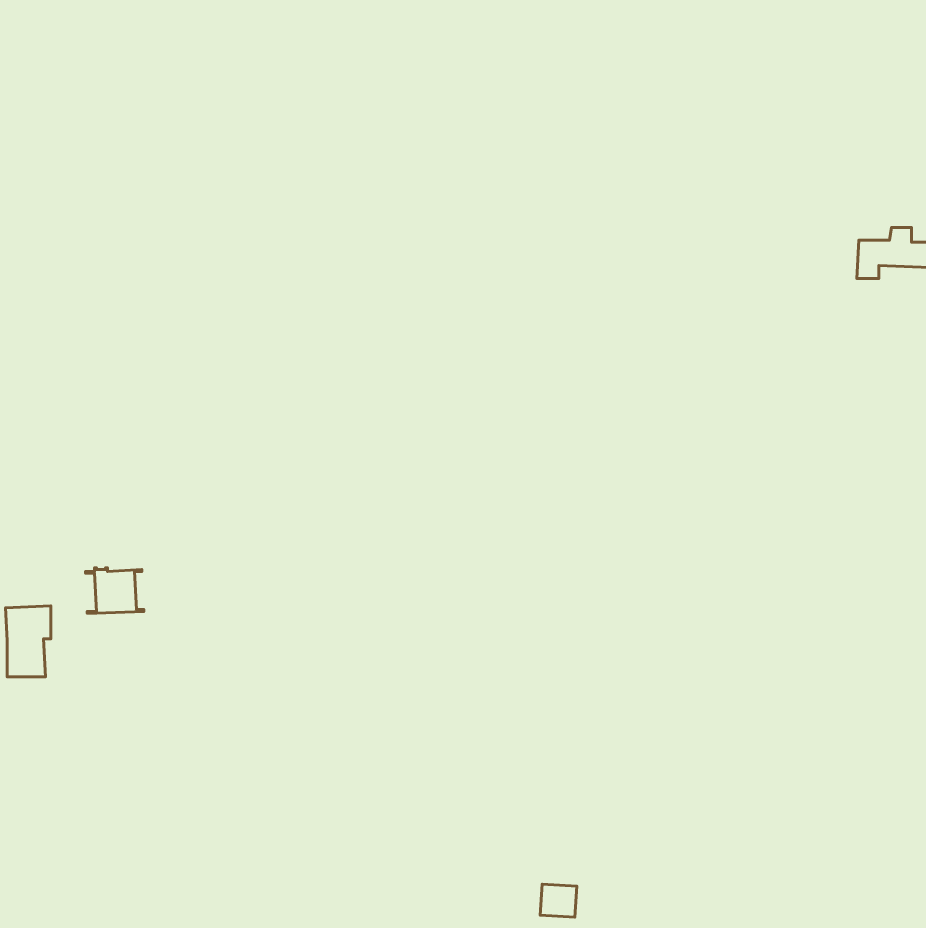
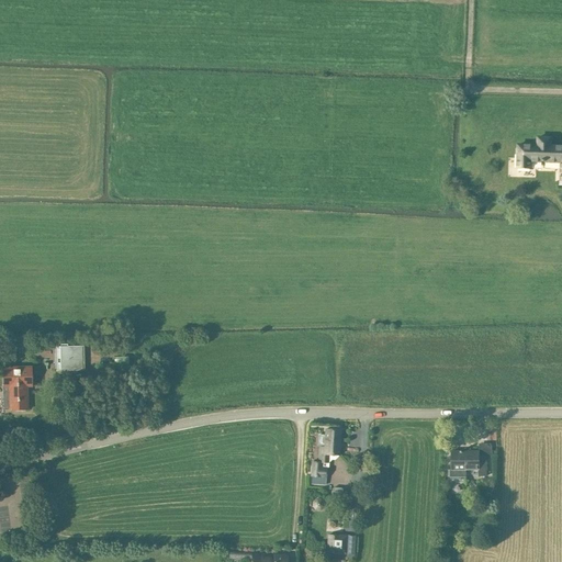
building: none -> [313,428,342,484]
building: none -> [451,450,488,476]

